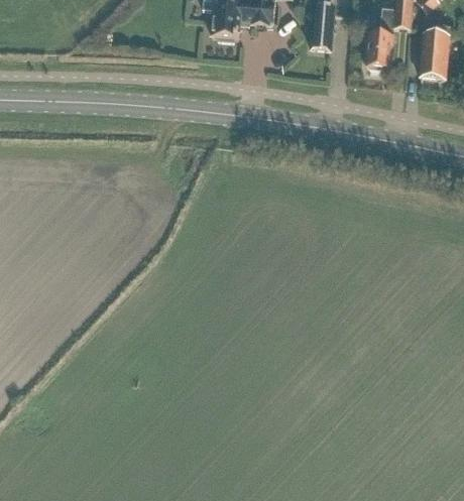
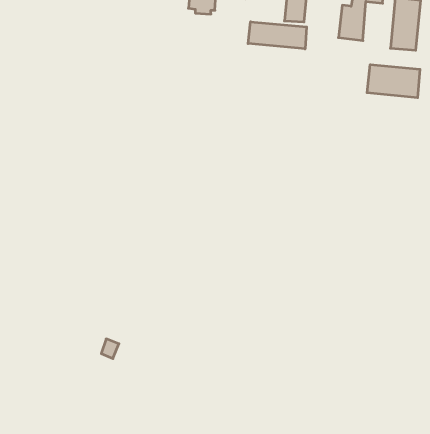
building: none -> [248,22,307,49]
building: none -> [367,65,420,98]

